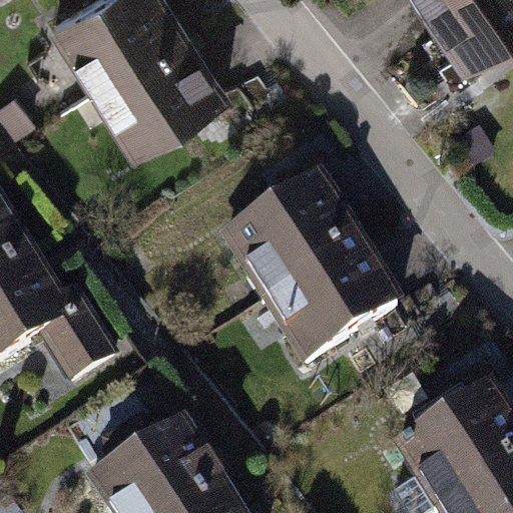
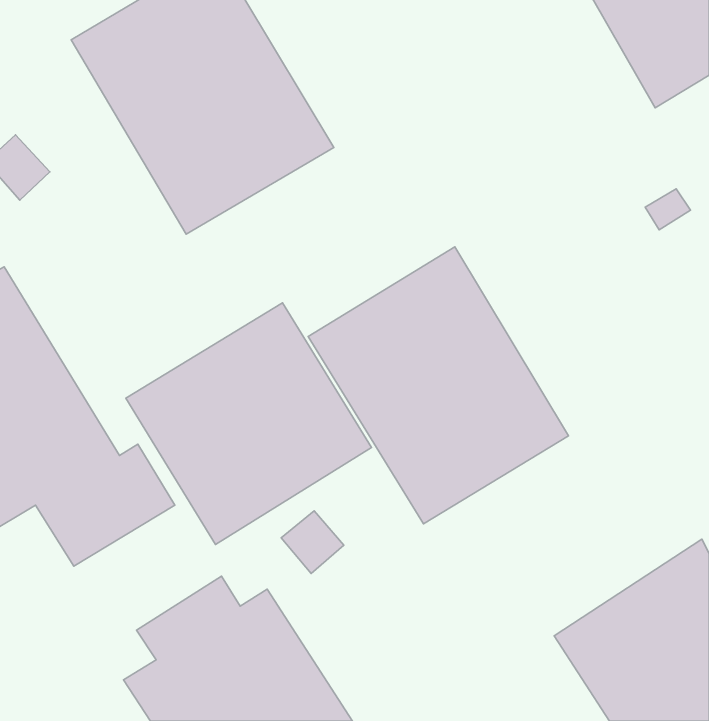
building: none -> [126,303,372,545]

